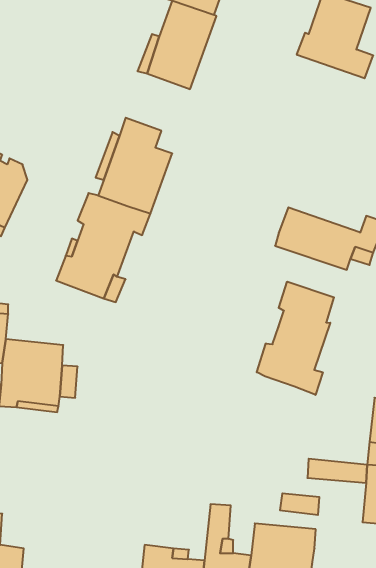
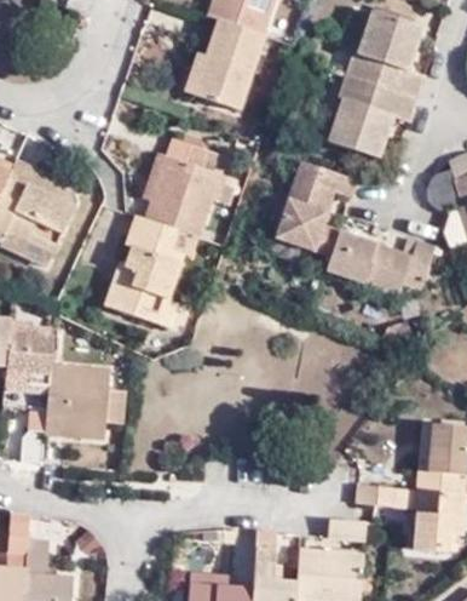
building: none -> [328,75,415,158]
building: none -> [276,162,353,256]
building: [257,282,334,395] -> none

